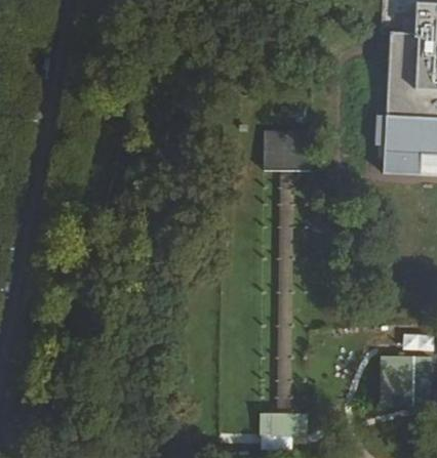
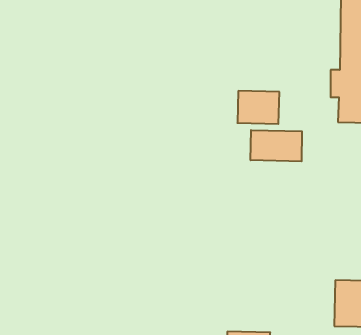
building: none -> [251,130,302,161]

